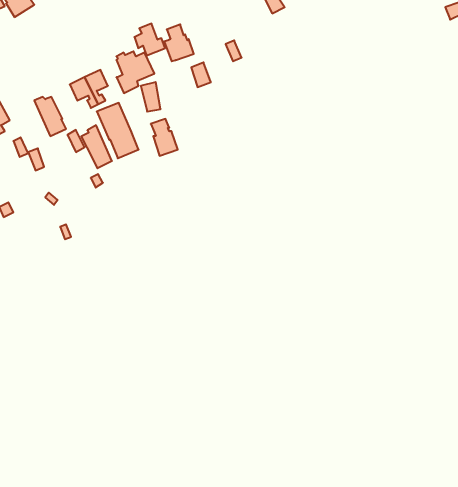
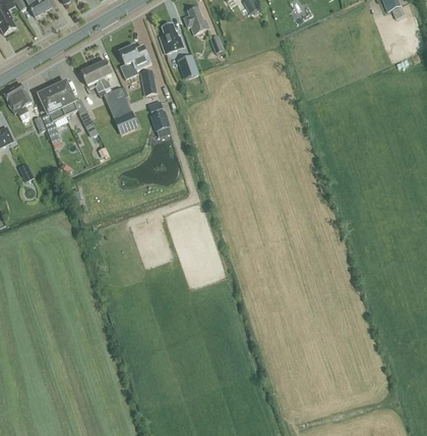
building: [134,24,165,55] -> [183,7,208,34]
building: [81,125,112,168] -> [39,86,64,121]

